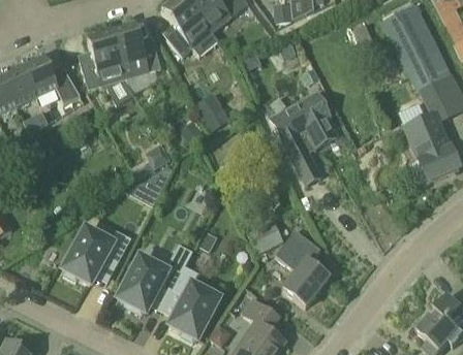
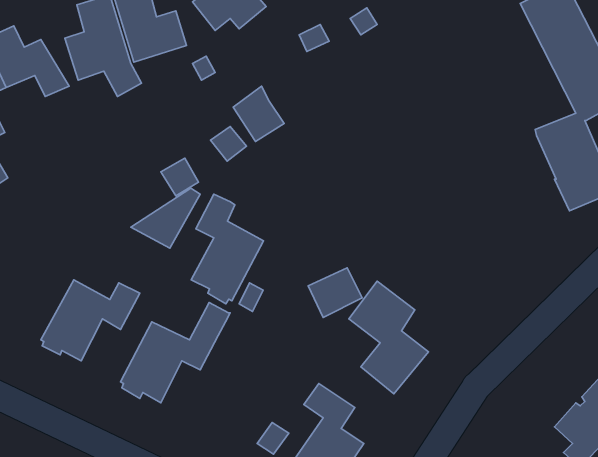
building: [273,93,336,185] -> none
building: [168,265,218,341] -> [191,194,263,304]

